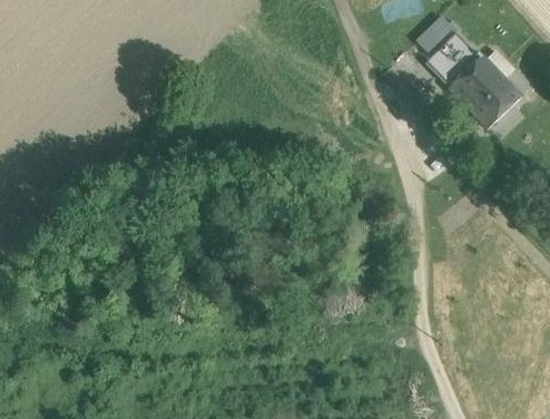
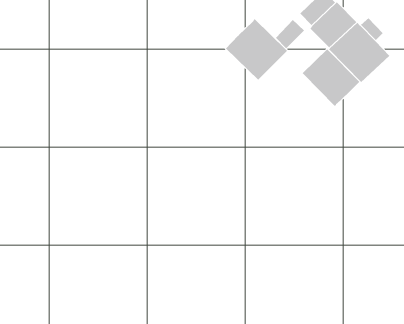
building: none -> [225,18,288,81]
building: none -> [302,49,360,107]

